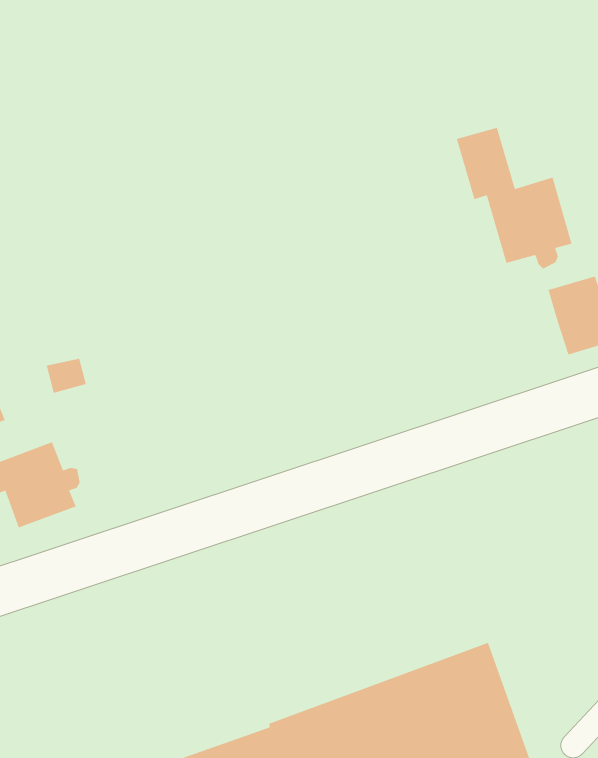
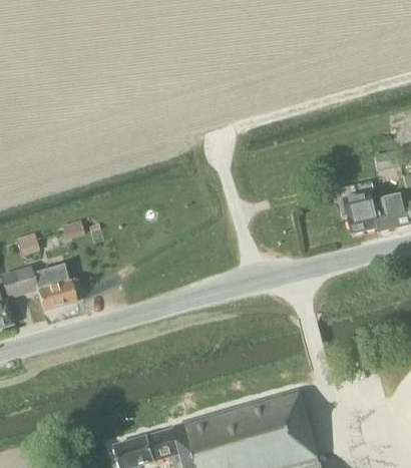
building: [456,127,573,270] -> none

